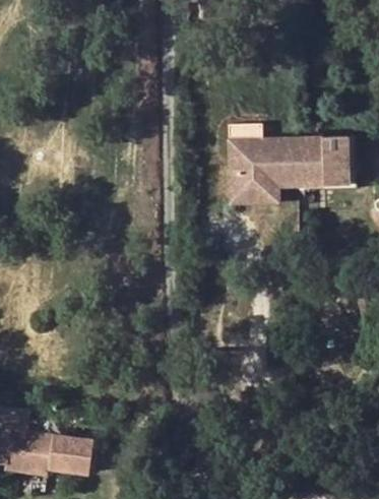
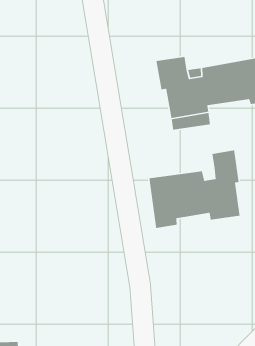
building: none -> [149,149,241,229]

